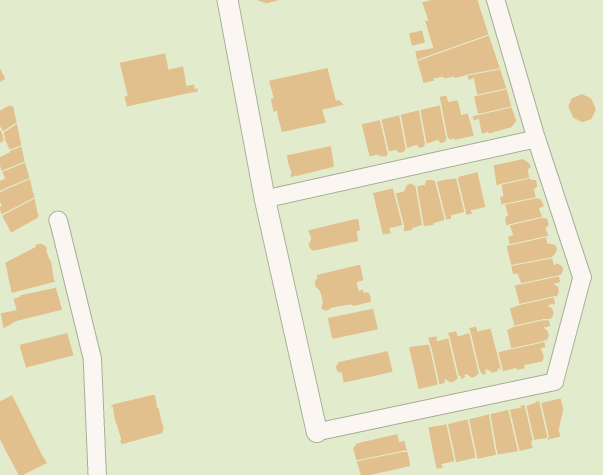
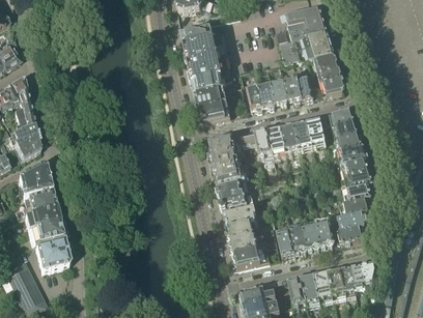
building: [119,53,198,108] -> [180,26,231,61]
building: none -> [194,87,227,108]
building: none -> [208,132,255,155]
building: none -> [215,162,249,183]
building: none -> [25,206,60,228]
building: none -> [226,219,263,239]
building: none -> [232,247,270,267]
building: [111,394,164,445] -> [35,238,69,270]

